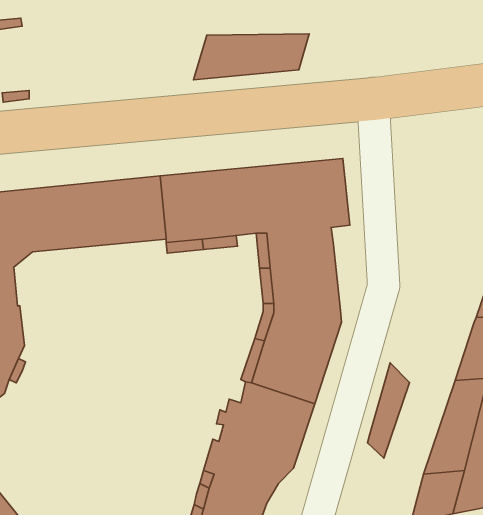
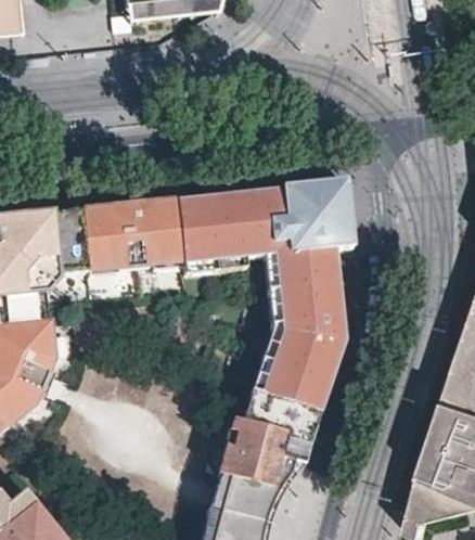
building: [194,34,309,80] -> none
building: [368,363,409,458] -> none

